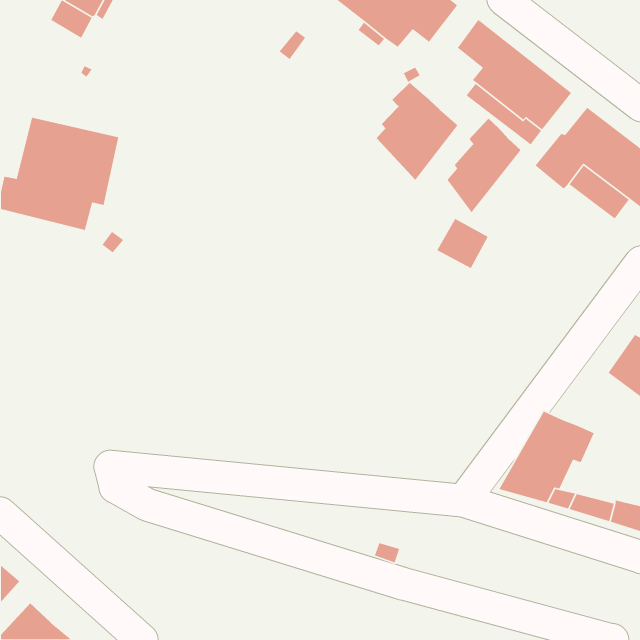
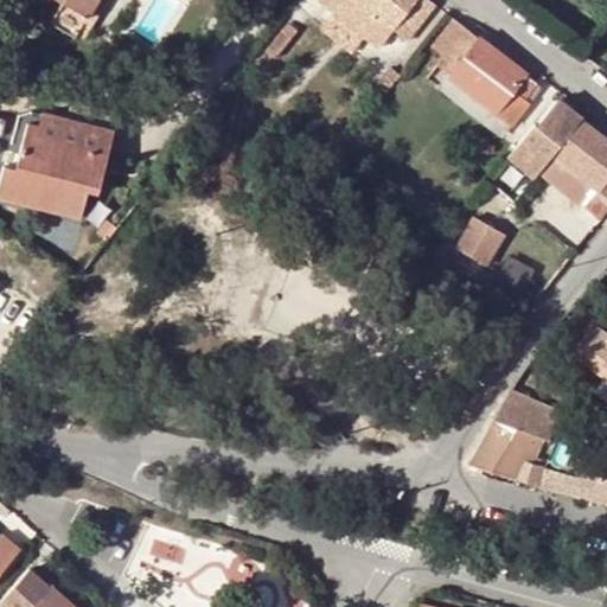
building: [376,82,458,181] -> none
building: [446,118,521,214] -> none
building: [436,218,489,269] -> [460,218,510,267]

